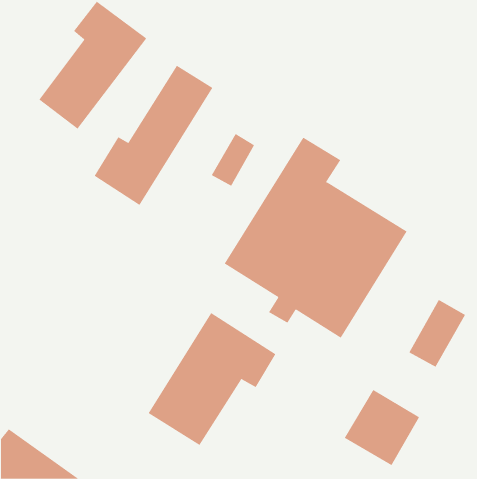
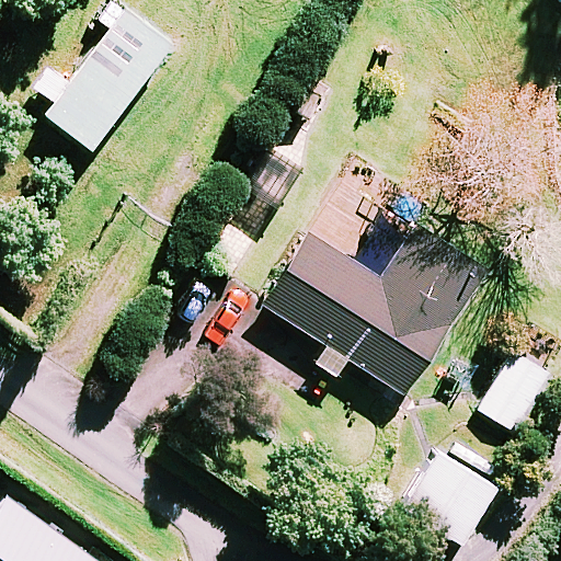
building: [94,65,213,206] -> none
building: [148,312,276,446] -> none

